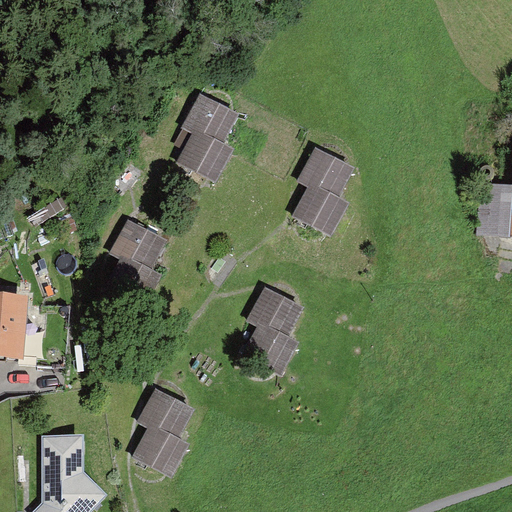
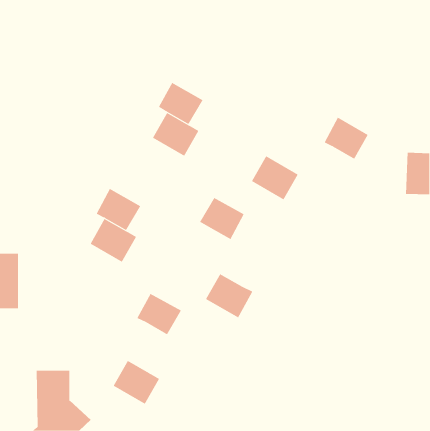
building: [301,147,353,197] -> [324,117,368,160]
building: [247,285,300,335] -> [199,197,245,240]
building: [139,387,192,436] -> [137,293,182,335]

